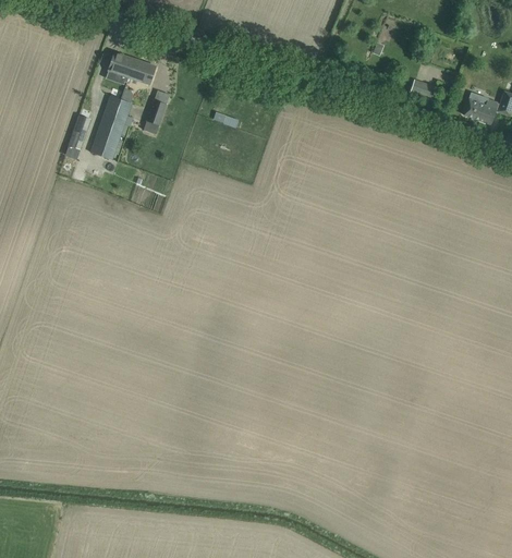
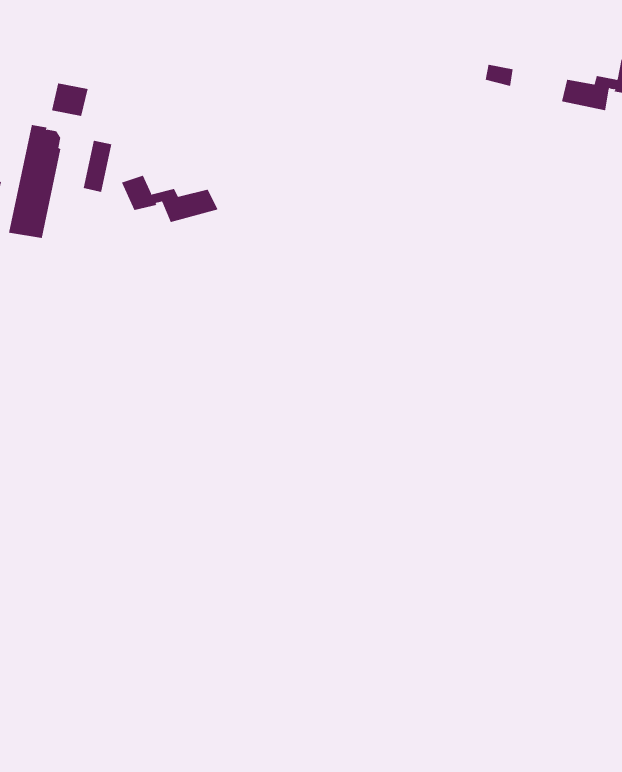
building: [108,51,135,76] -> none
building: none -> [121,175,219,223]

